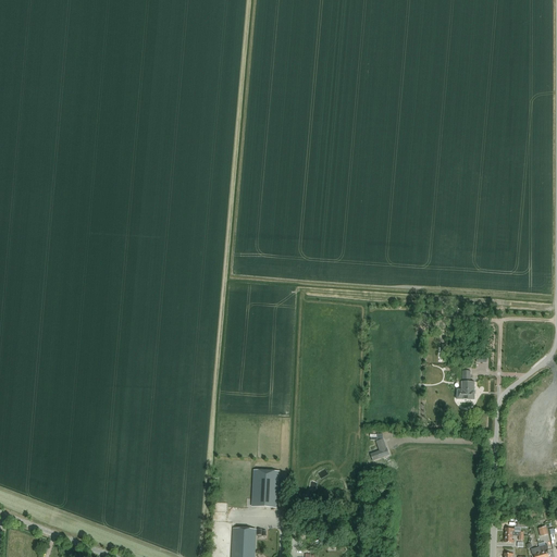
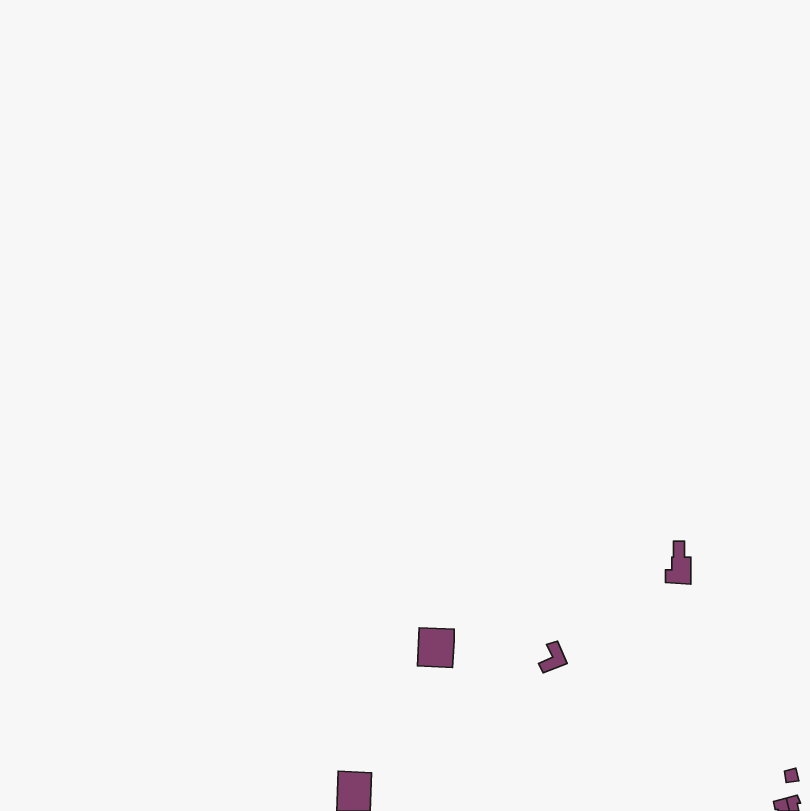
building: [252,472,277,499] -> [418,628,454,667]

